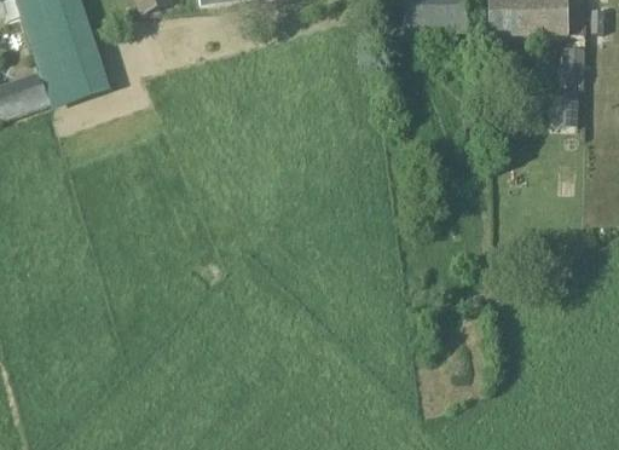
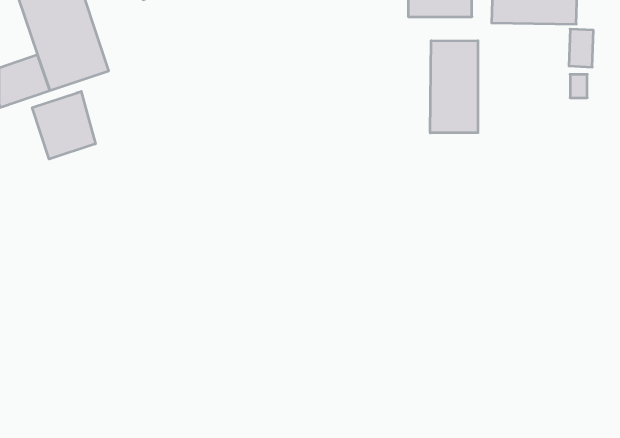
building: none -> [430,41,478,133]
building: none -> [32,91,95,159]

